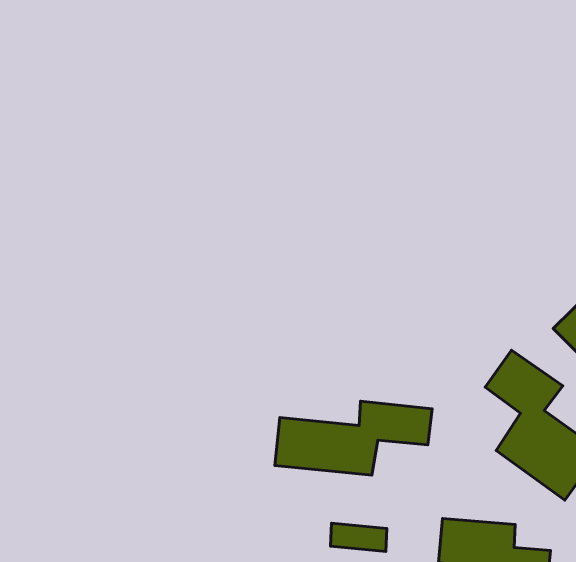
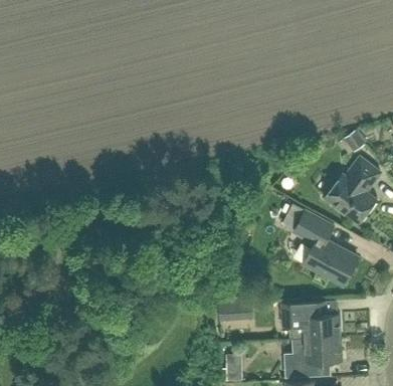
building: [275,401,432,475] -> none

